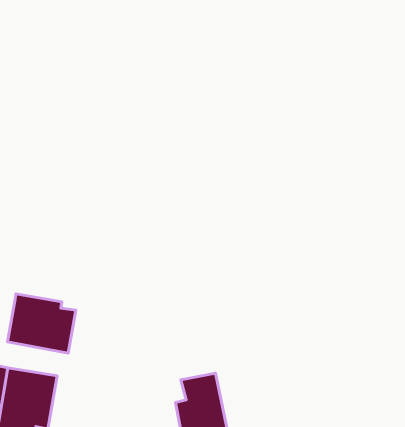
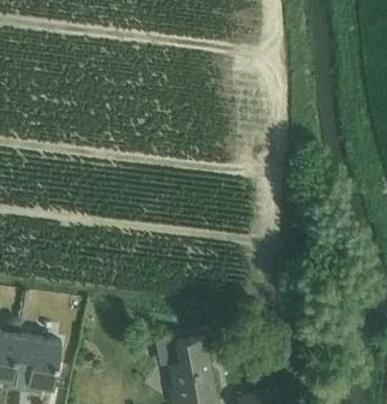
building: [8,294,76,353] -> none

